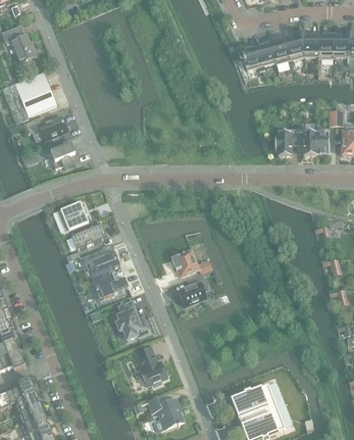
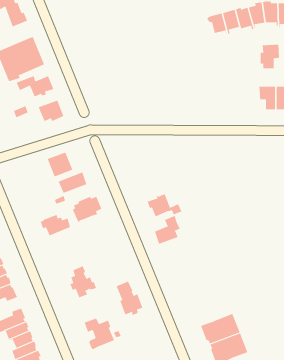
building: [273,128,296,155] -> [260,44,280,69]
building: [92,273,127,297] -> [40,214,71,236]
building: [115,301,146,338] -> [70,266,97,298]
building: [147,395,182,431] -> [84,318,115,350]

